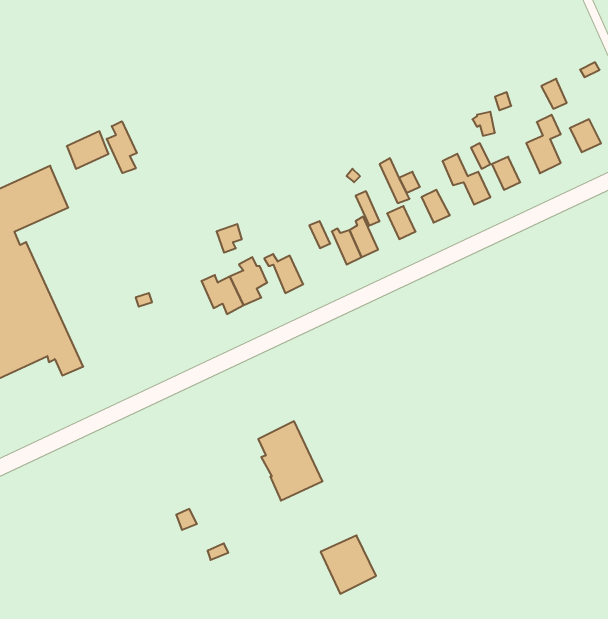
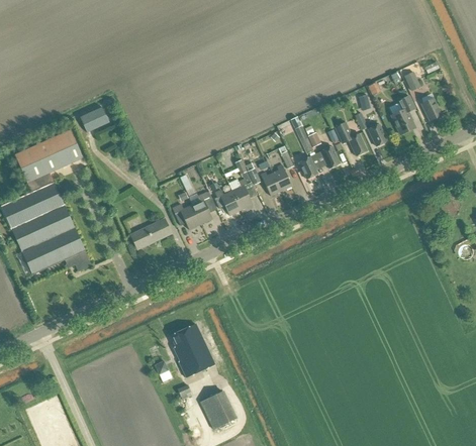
building: [107,121,137,173] -> none
building: none -> [231,161,253,210]
building: none -> [131,219,171,249]
building: [258,421,323,501] -> [171,324,214,377]
building: [321,535,376,594] -> [199,391,236,430]

